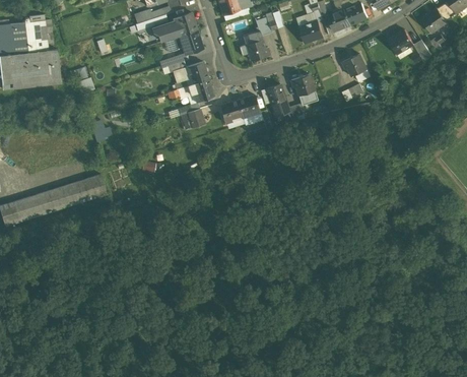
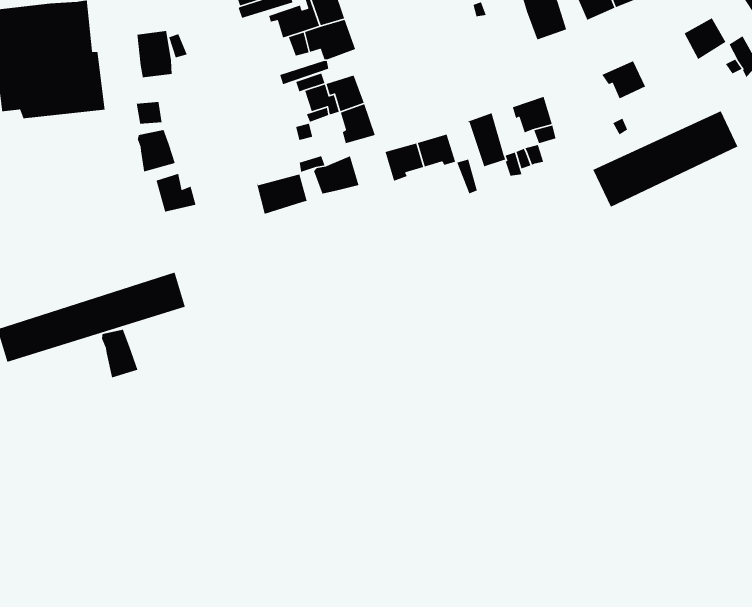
building: [240,30,269,60] -> none
building: none -> [137,30,173,78]
building: none -> [592,110,738,208]
building: none -> [137,129,176,172]
building: none -> [256,172,308,215]
building: none -> [101,329,138,379]

